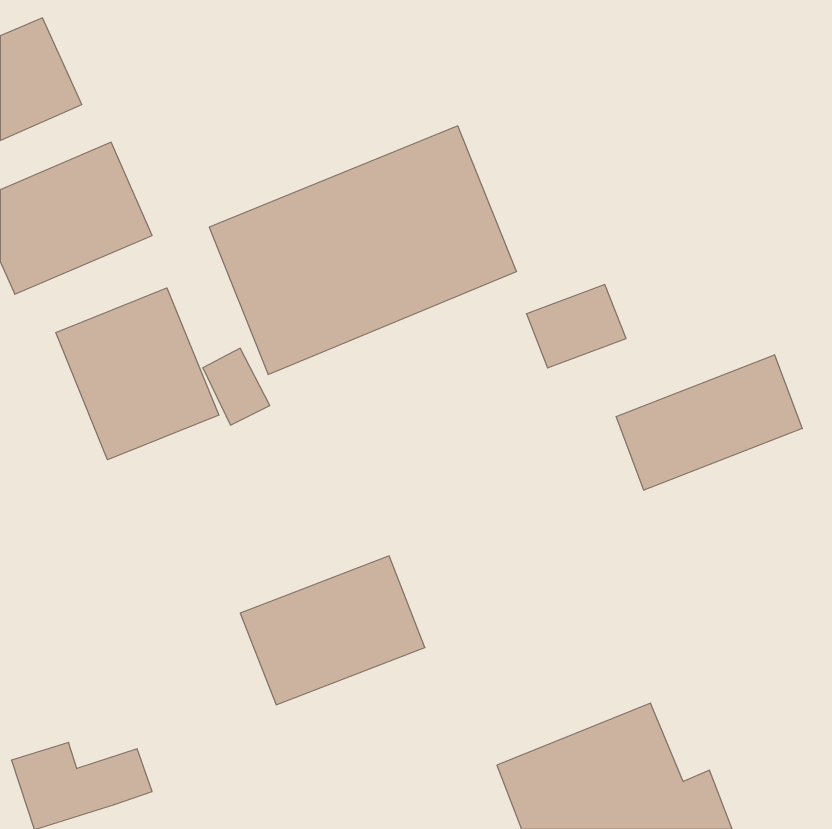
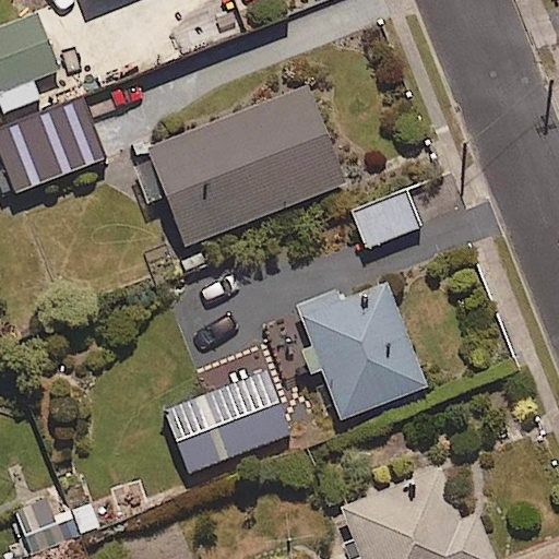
building: [56,288,219,460] -> none
building: [616,355,802,490] -> none
building: none -> [297,283,425,419]

